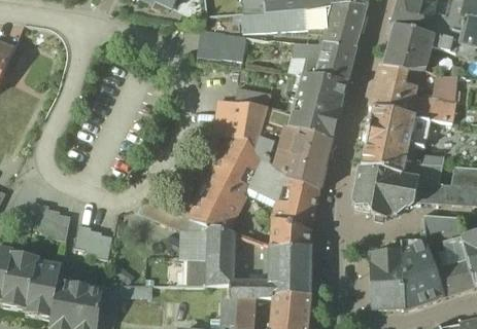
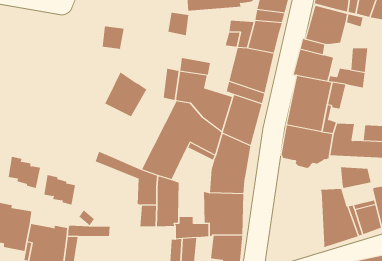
building: [198,29,225,57] -> [102,26,124,50]
building: none -> [104,71,147,117]
building: [372,243,405,309] -> none

